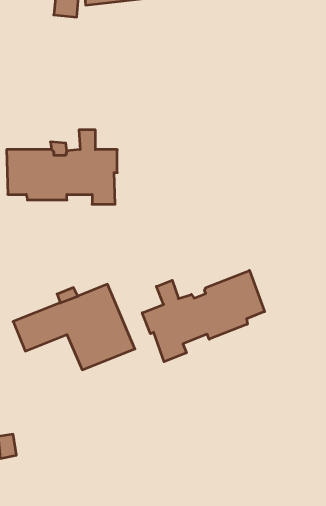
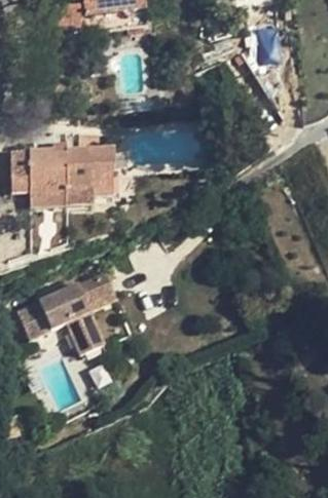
building: [142,270,265,362] -> none

